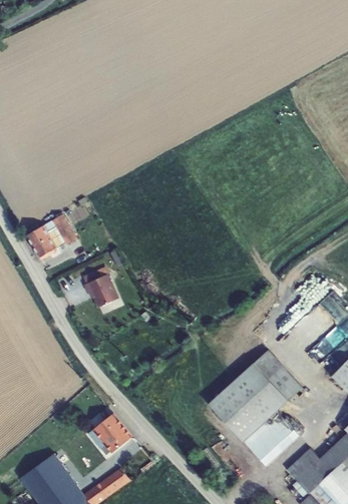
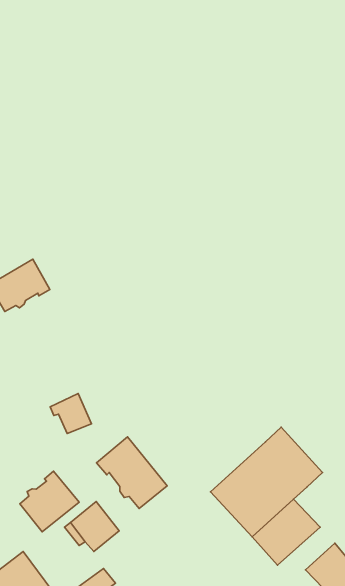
building: [83,273,117,306] -> [50,393,91,434]
building: none -> [97,437,167,508]
building: none -> [20,471,79,532]

